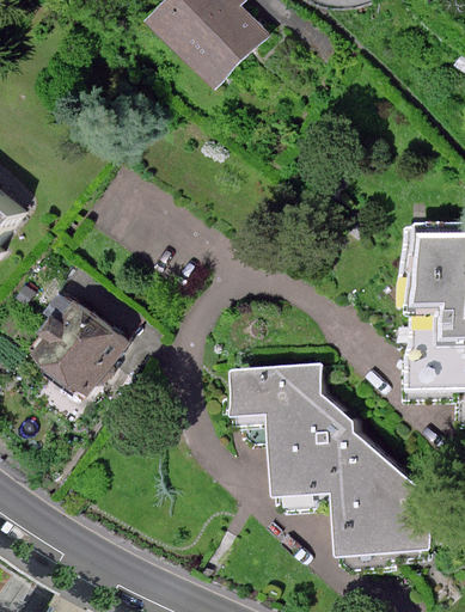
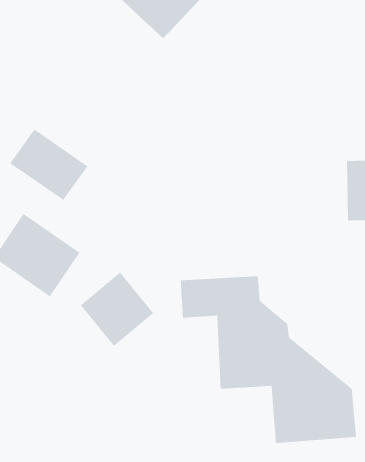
building: none -> [9,129,88,201]
building: none -> [80,271,154,347]

